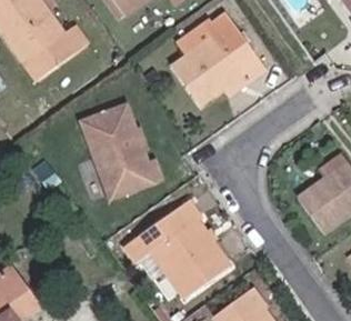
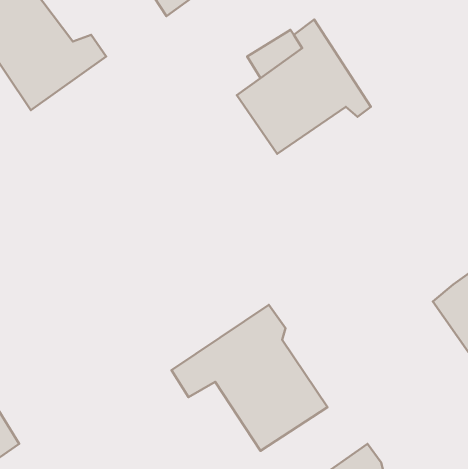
building: [82,102,161,194] -> none

